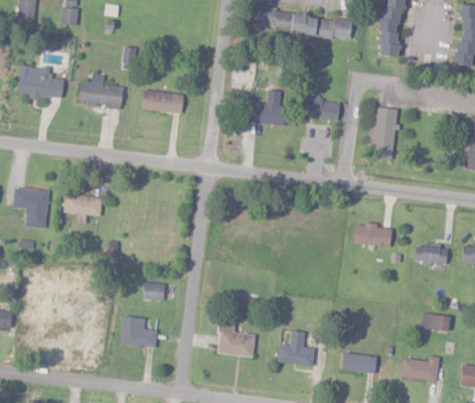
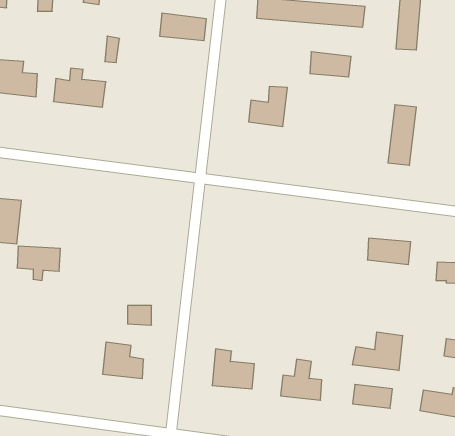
building: [142,89,183,114] -> [160,13,206,41]
building: [304,97,340,120] -> [310,52,351,77]
building: [63,194,102,224] -> [17,246,60,280]
building: none -> [353,332,403,371]

